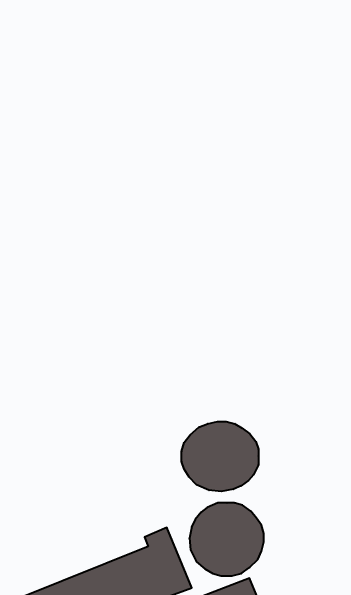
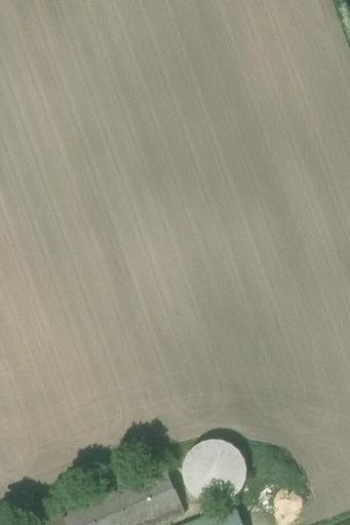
building: [182,422,258,491] -> none

